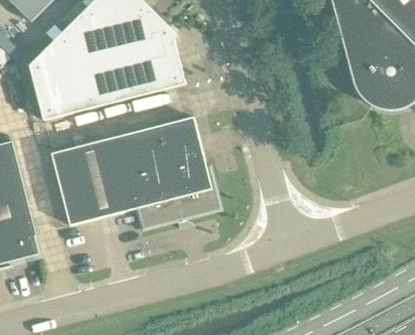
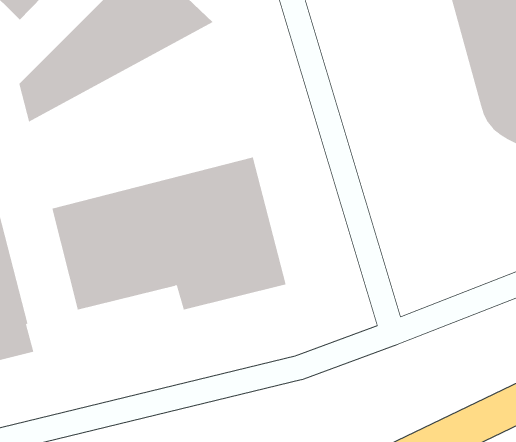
building: [36,21,186,119] -> none

